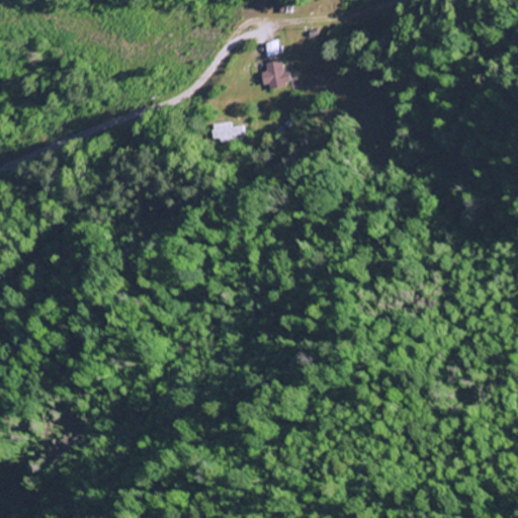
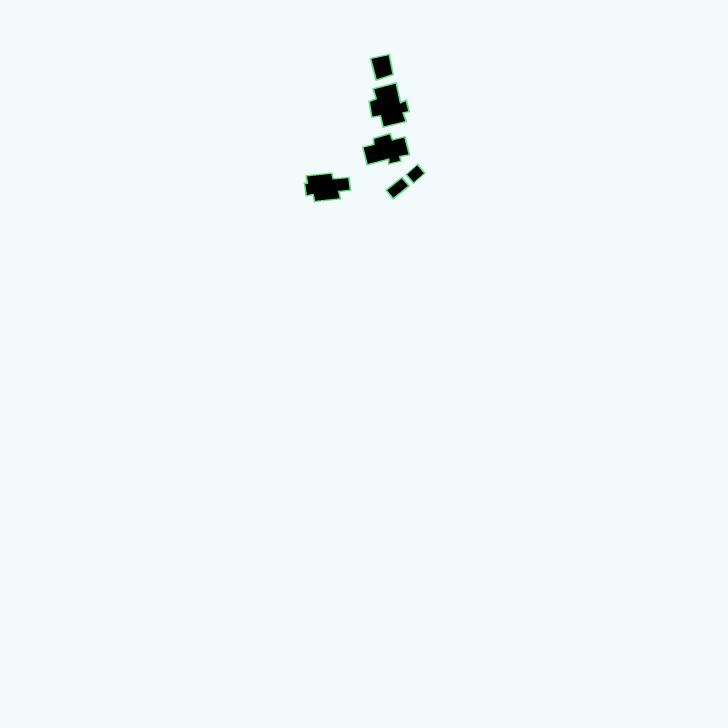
building: none -> [363,133,409,165]

